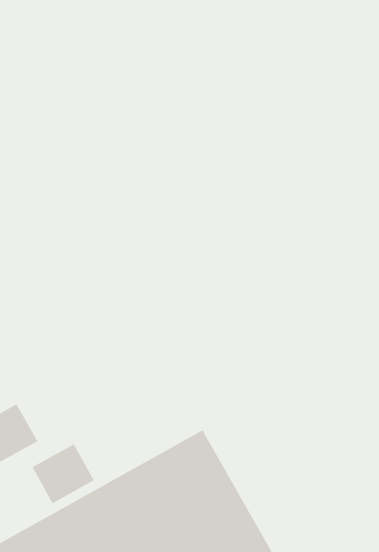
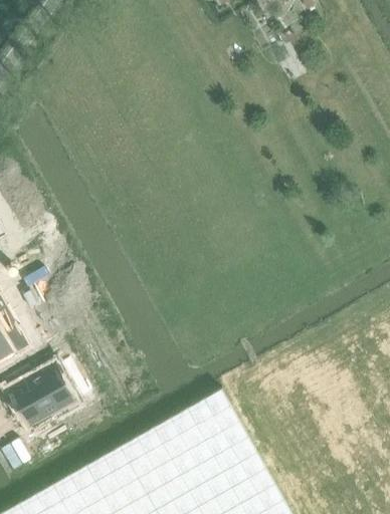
building: [32,443,95,504] -> none

